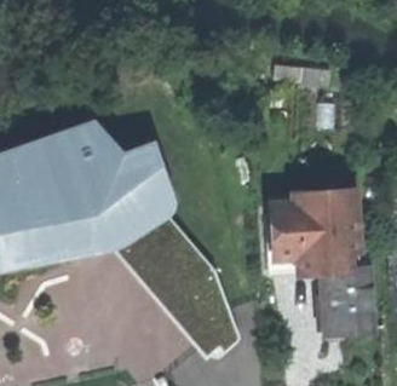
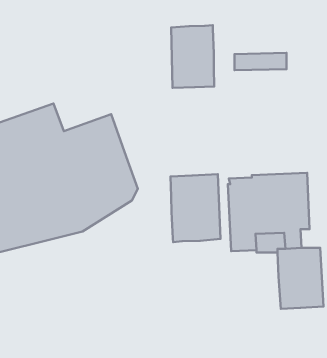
building: none -> [171,25,214,88]
building: none -> [170,174,221,242]

